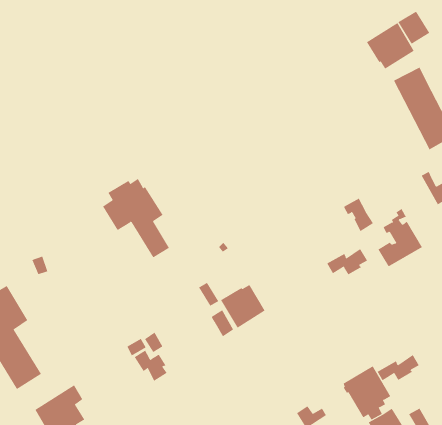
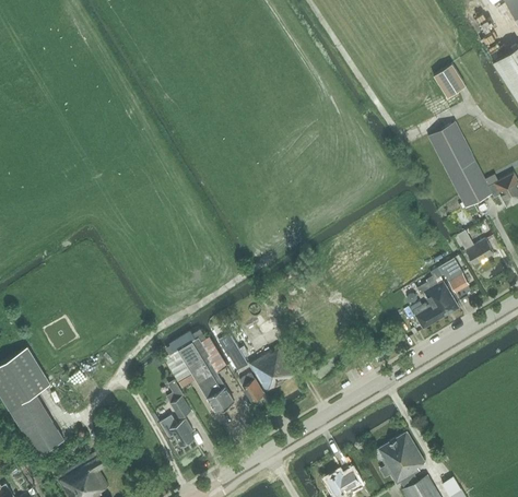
building: [366,22,415,69] -> none
building: [102,178,170,258] -> [164,329,234,412]
building: [343,198,374,232] -> [437,258,469,293]
building: [327,248,368,275] -> none
building: [377,354,420,381] -> none

